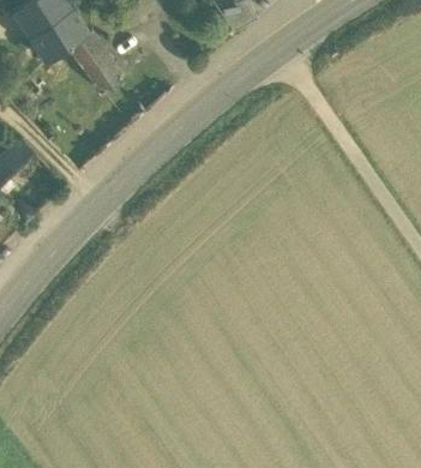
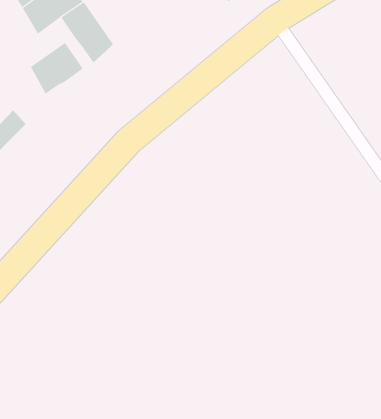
building: none -> [30,42,84,94]

